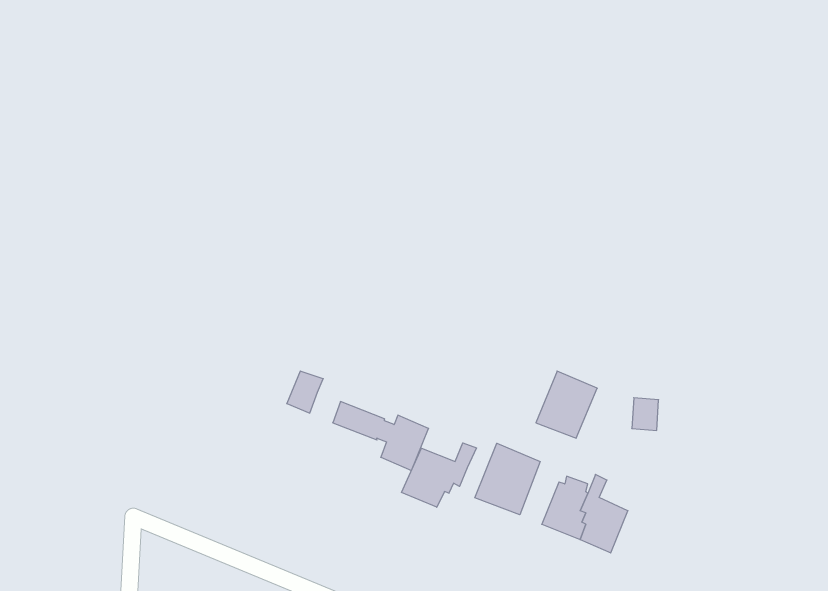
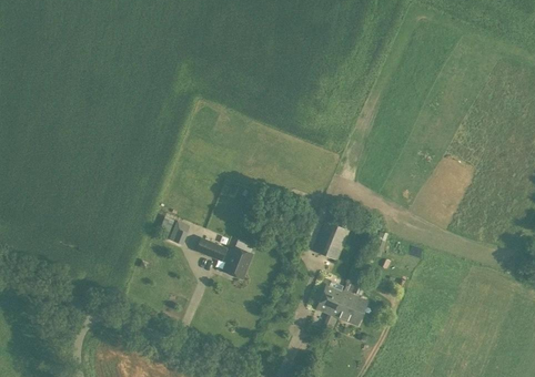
building: [402,443,477,507] -> none
building: [475,443,540,515] -> none

